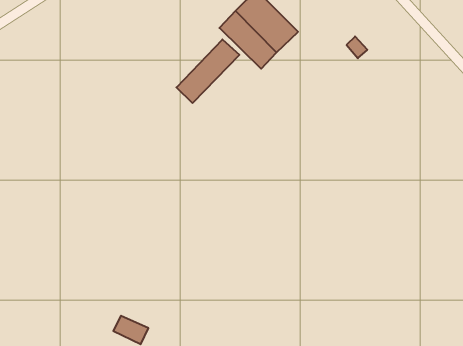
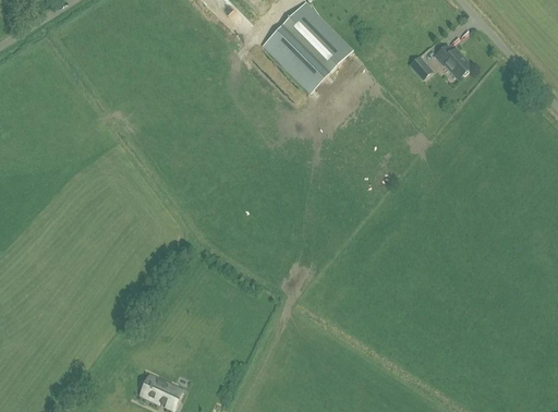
building: none -> [435,45,472,80]
building: [176,39,239,103] -> none

